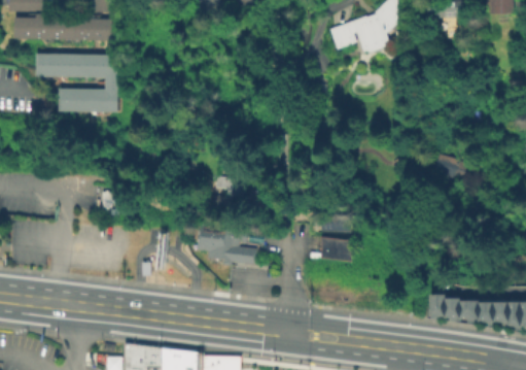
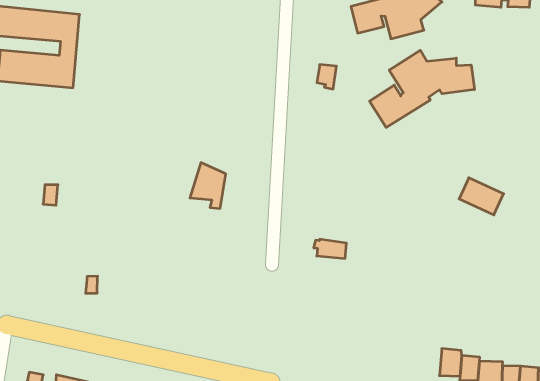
building: none -> [370,50,474,127]
building: [196,229,256,266] -> none
building: [321,237,351,262] -> none

